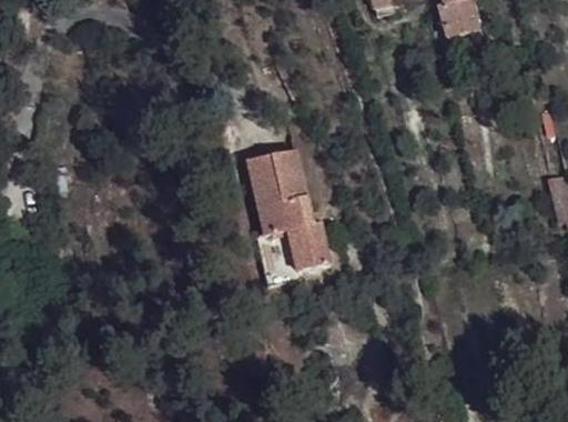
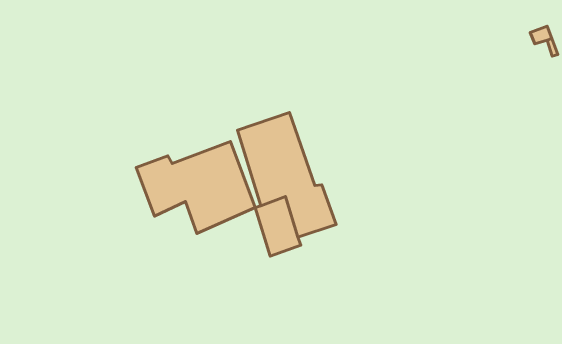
building: none -> [136,142,255,234]

